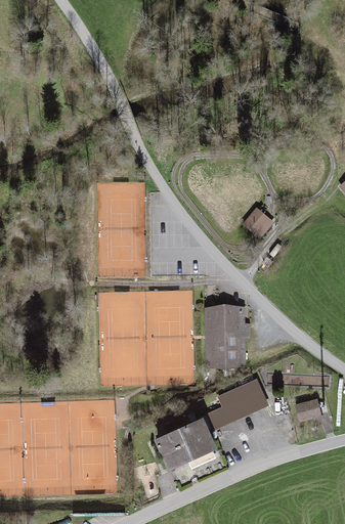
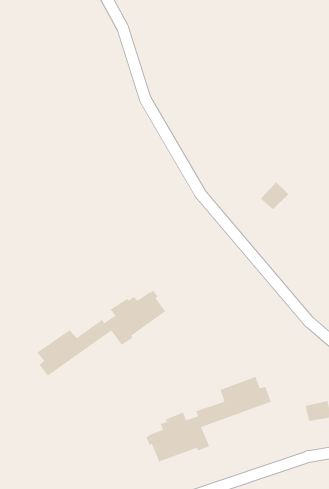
building: [207,310,249,364] -> none
building: none -> [36,289,166,376]

